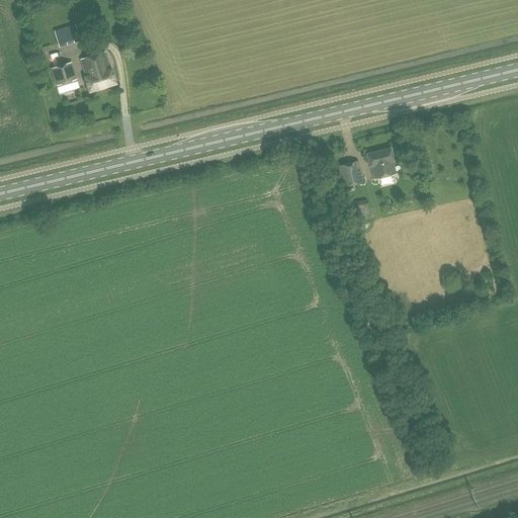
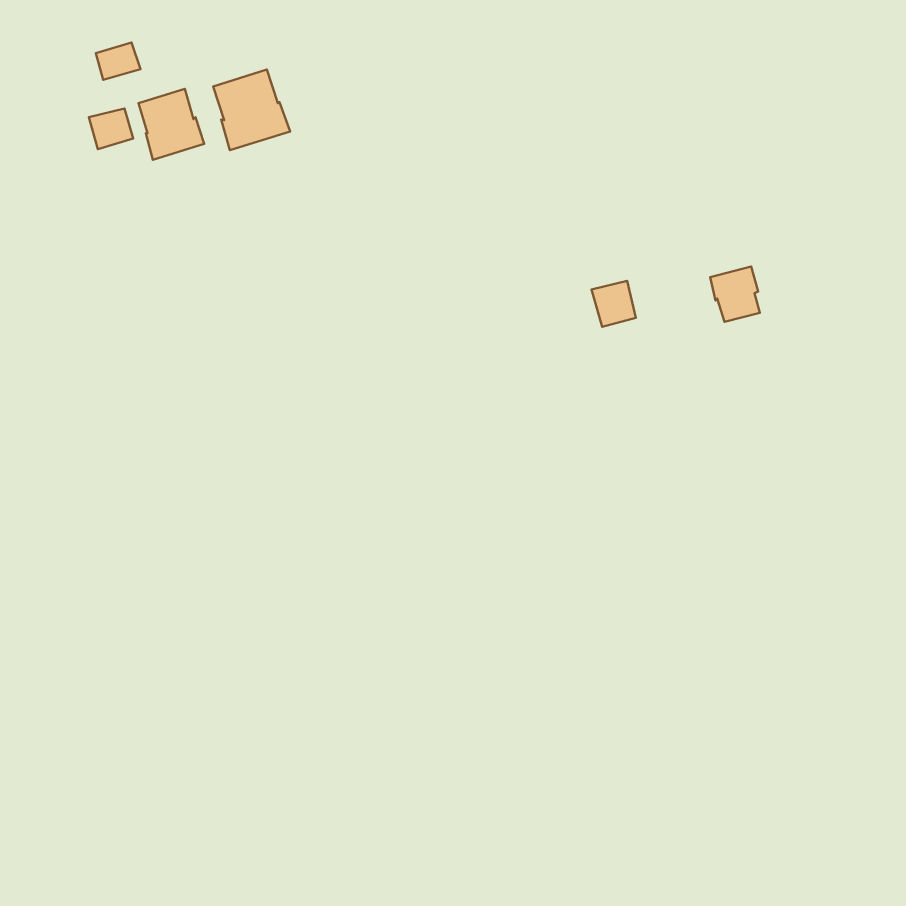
building: none -> [213,69,290,150]
building: [366,147,395,178] -> [710,267,760,322]

